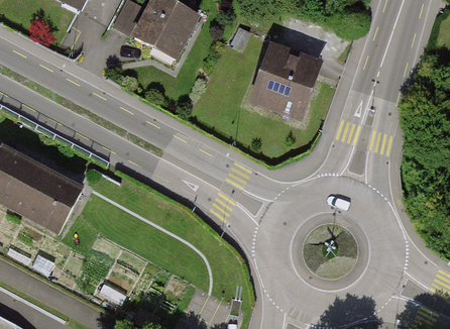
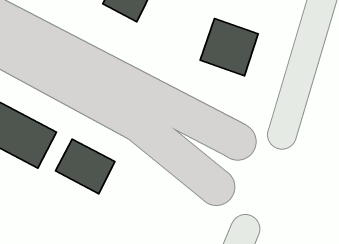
building: none -> [56,139,115,194]

